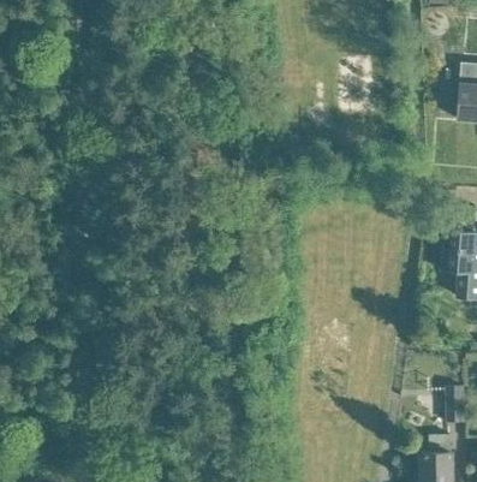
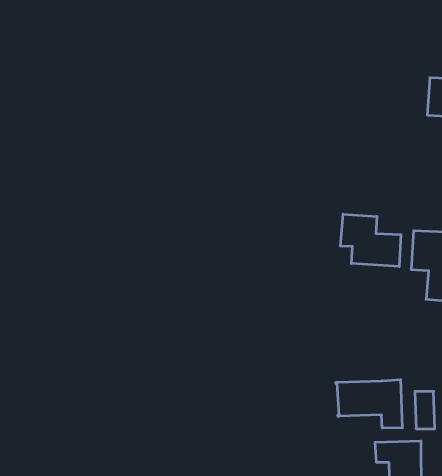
building: none -> [340,214,401,267]
building: none -> [336,380,402,428]

